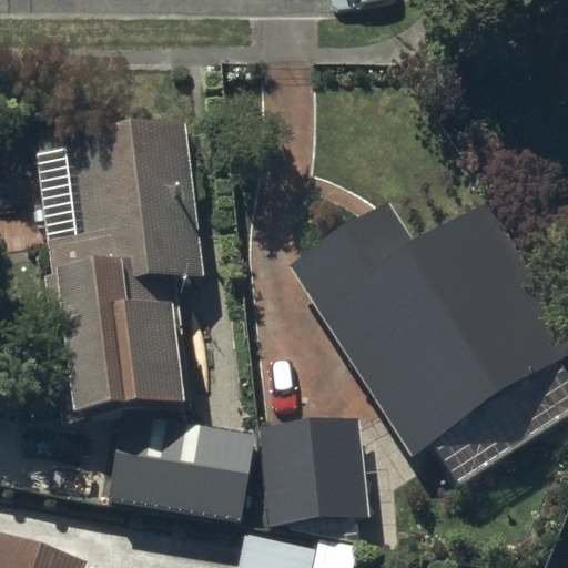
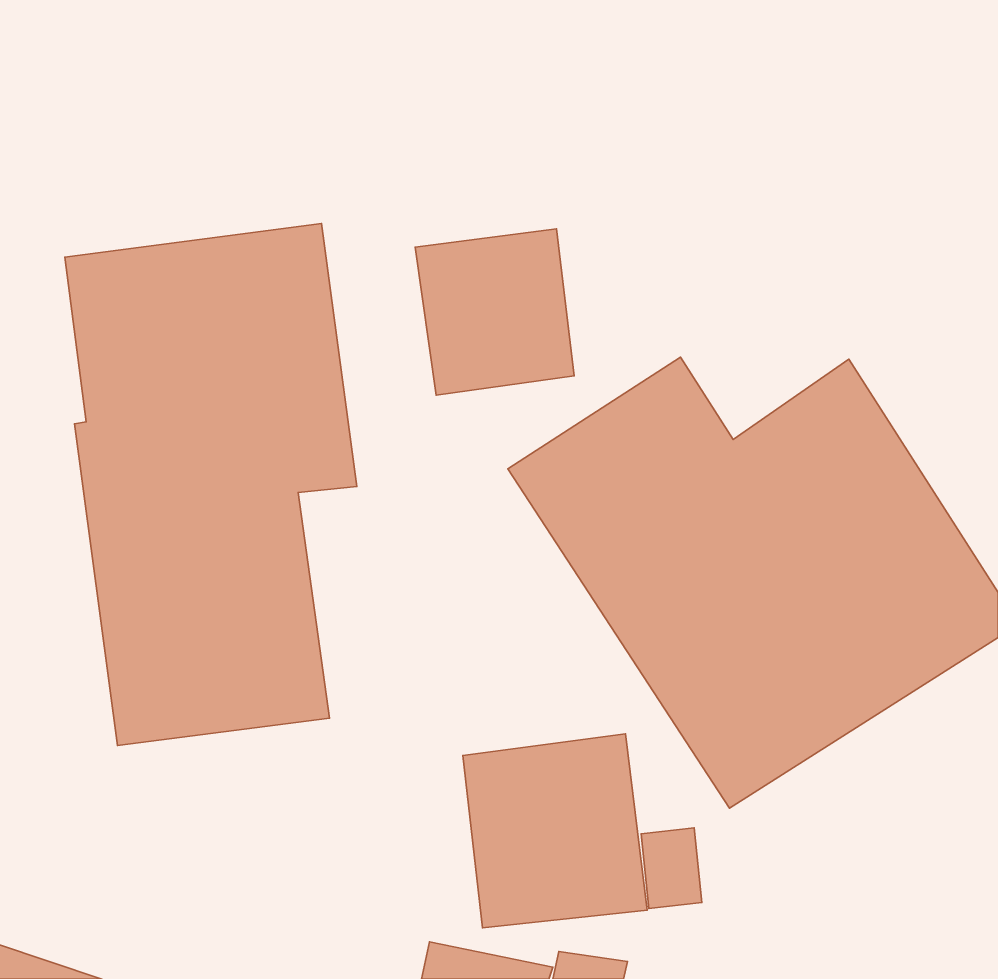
building: none -> [415,229,574,395]
building: [110,418,255,520] -> none

